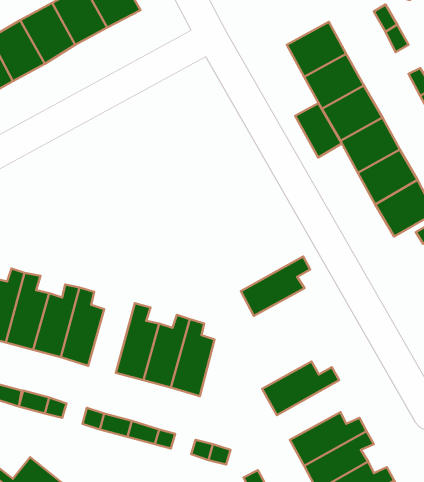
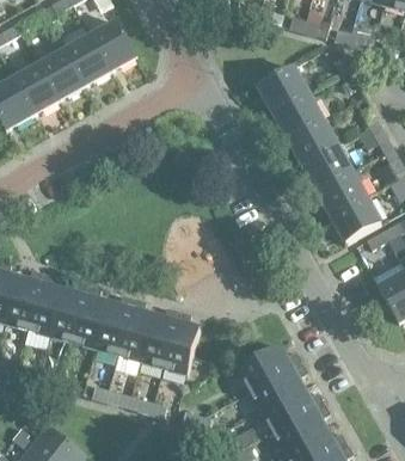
building: [295,103,342,157] -> none
building: [241,256,310,316] -> [251,361,308,410]
building: none -> [96,294,134,355]

